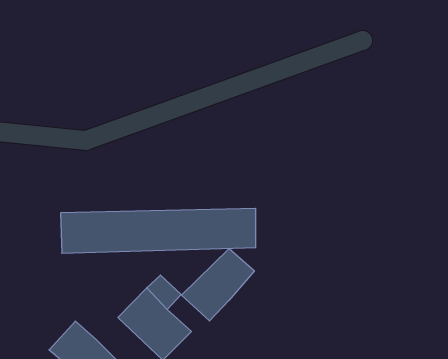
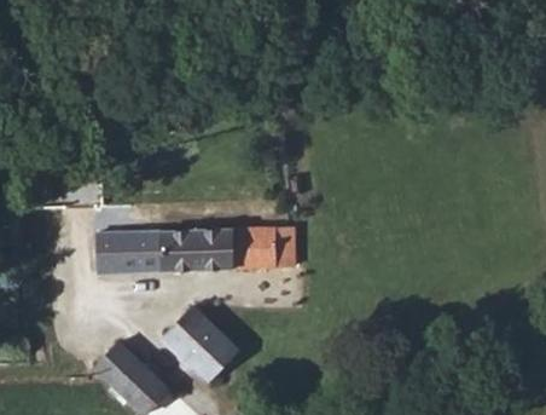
building: [182,248,254,321] -> none

